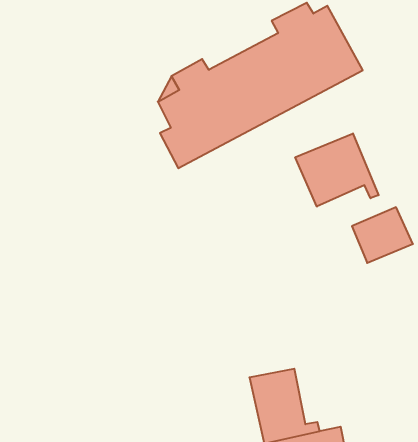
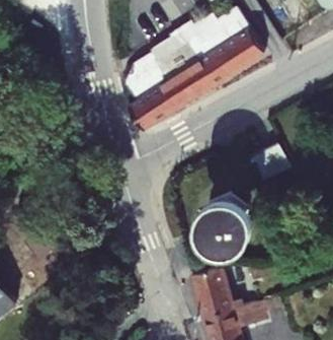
building: [295,133,379,207] -> none
building: none -> [199,199,239,245]

